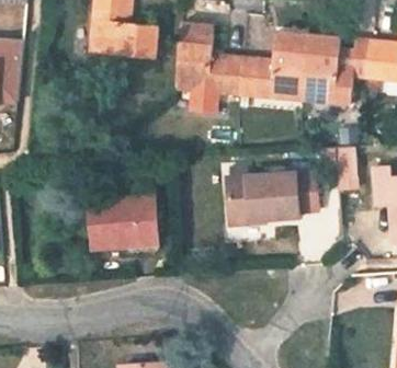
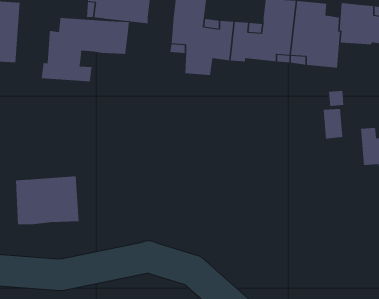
building: none -> [41,17,129,82]
building: [224,171,316,221] -> none
building: [89,196,156,246] -> [15,176,80,225]

